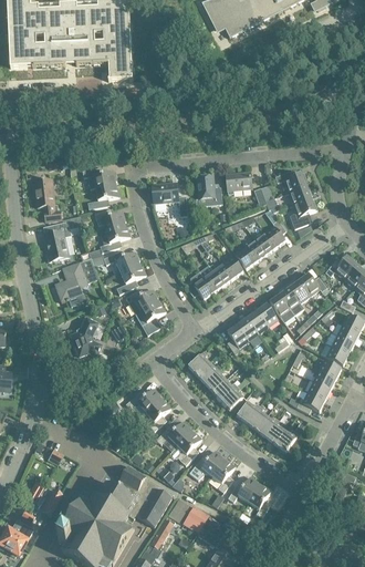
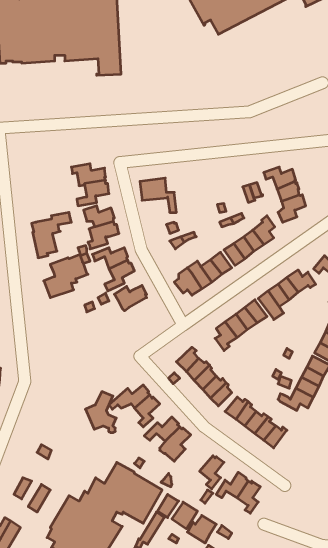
building: [225,172,251,194] -> none
building: [196,175,221,206] -> none
building: [33,179,61,221] -> none
building: [135,301,165,336] -> none
building: [70,318,101,359] -> [85,392,116,433]
building: [188,451,223,480] -> none

